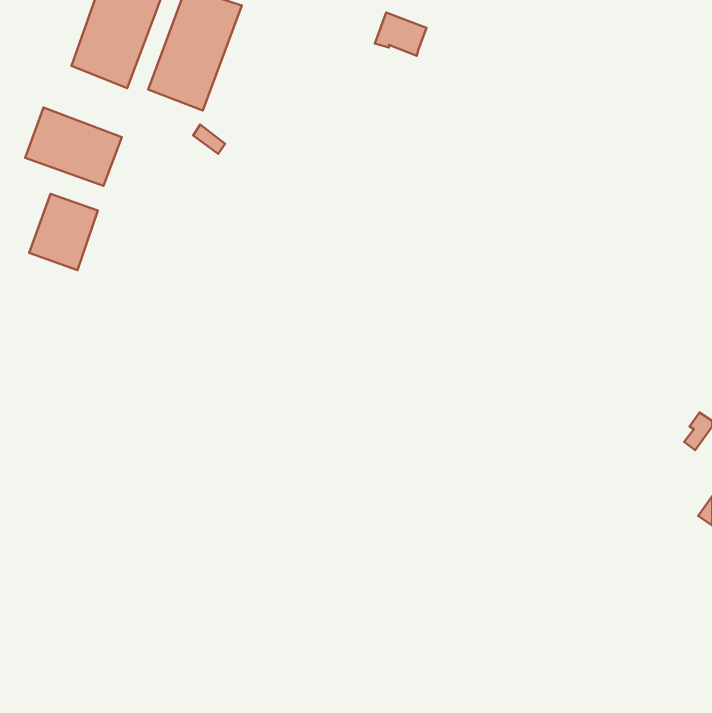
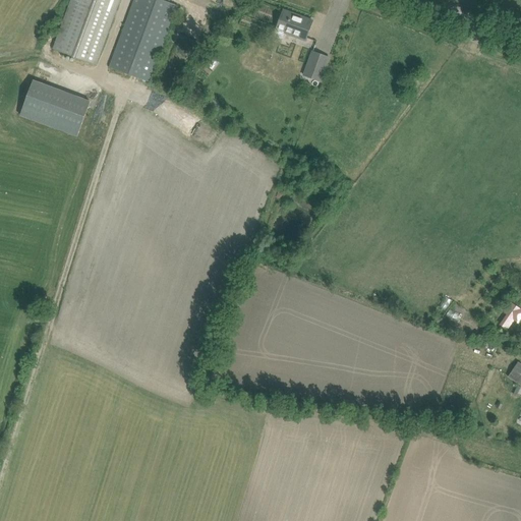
building: none -> [302,50,326,79]
building: [29,194,98,270] -> none

